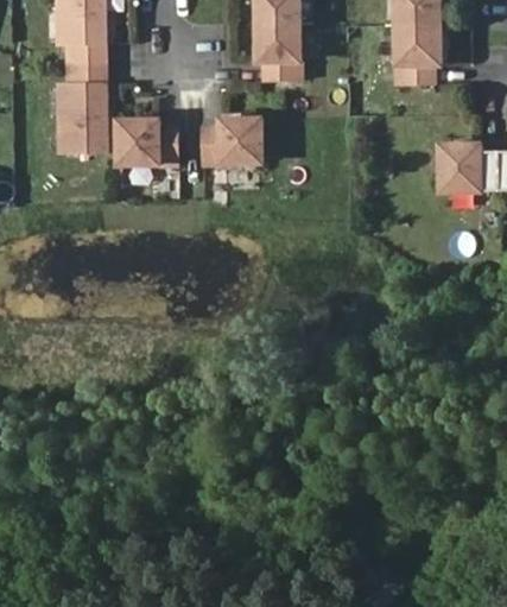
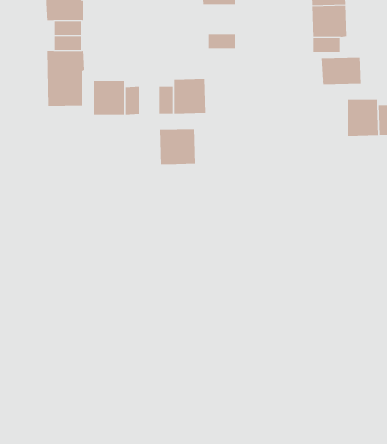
building: [258,24,300,62] -> none
building: none -> [321,57,361,85]
building: none -> [160,128,196,165]

